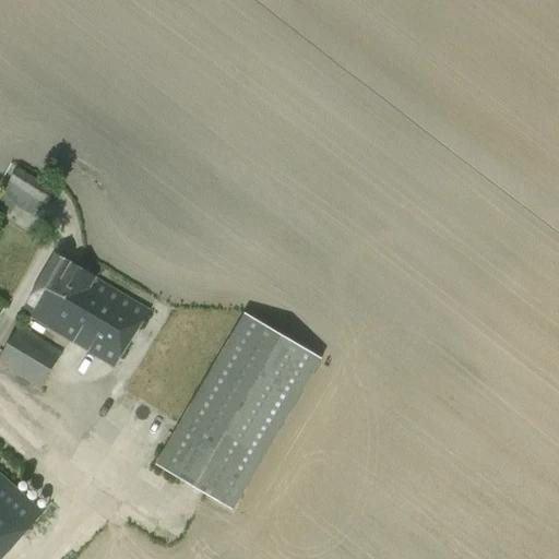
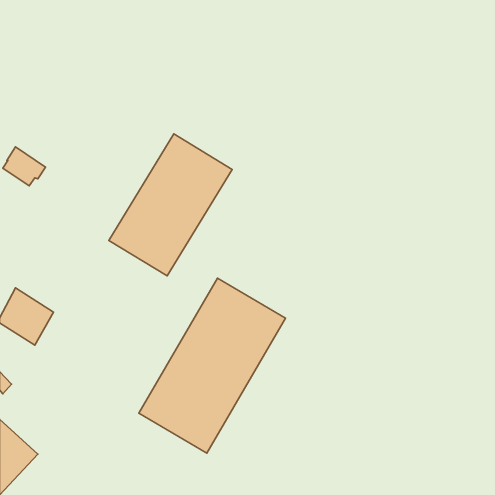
building: none -> [109,134,232,276]
building: [23,252,147,364] -> none

